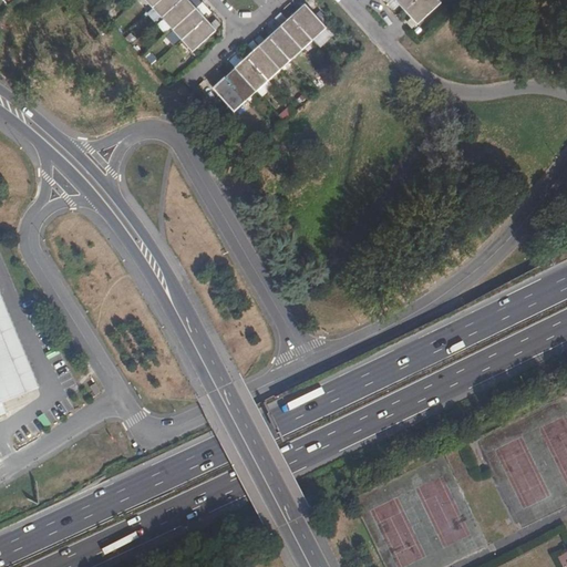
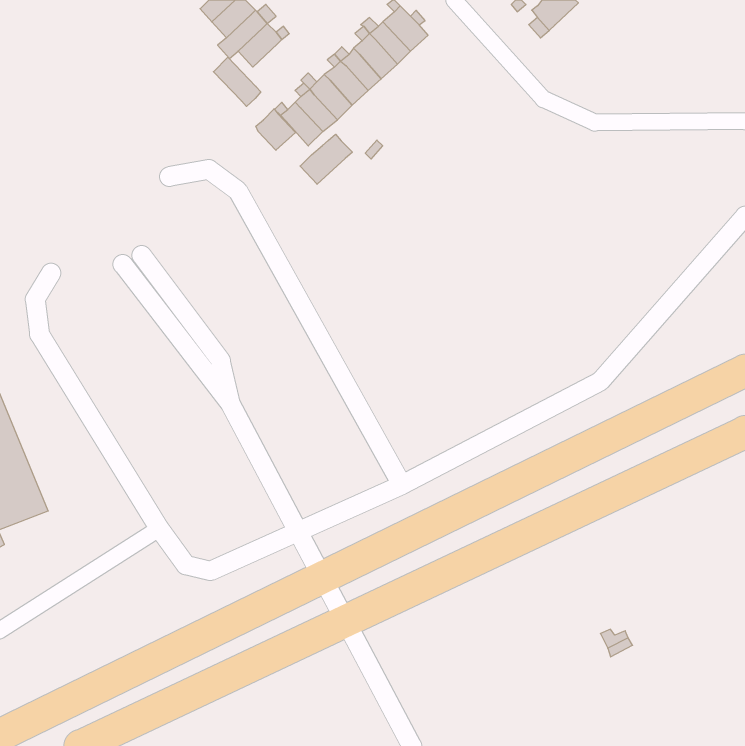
building: none -> [213,57,261,106]
building: none -> [256,109,296,150]
building: none -> [300,134,352,184]

